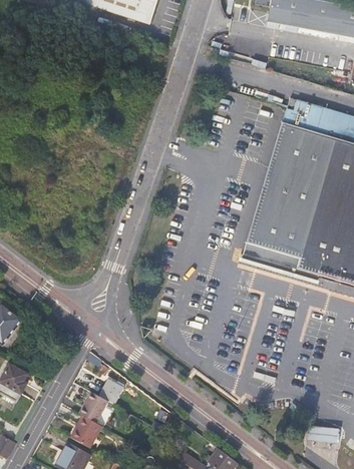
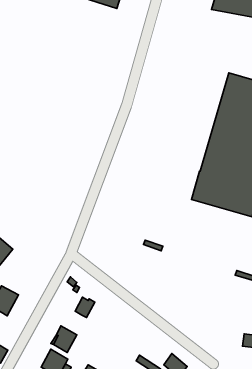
building: [77,390,106,421] -> none

